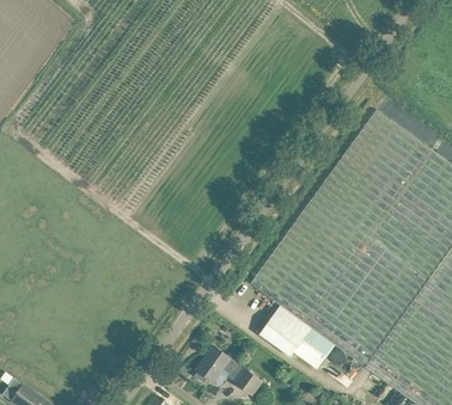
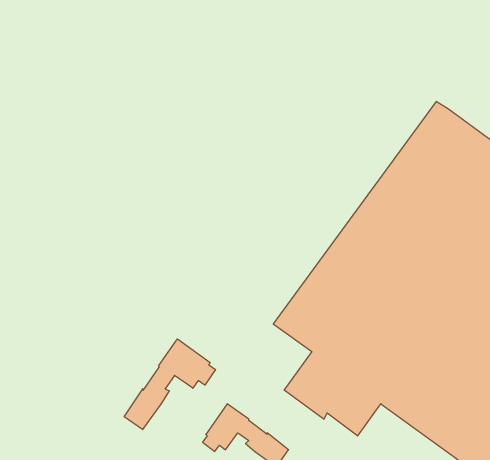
building: none -> [124,339,216,430]

